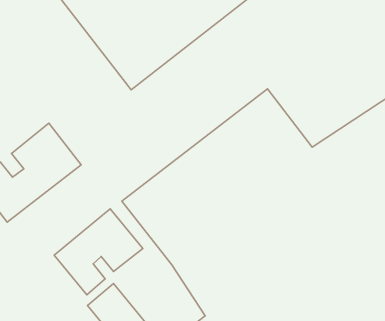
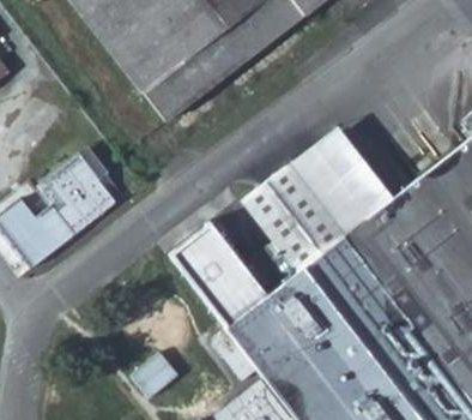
building: [54,209,143,295] -> none

